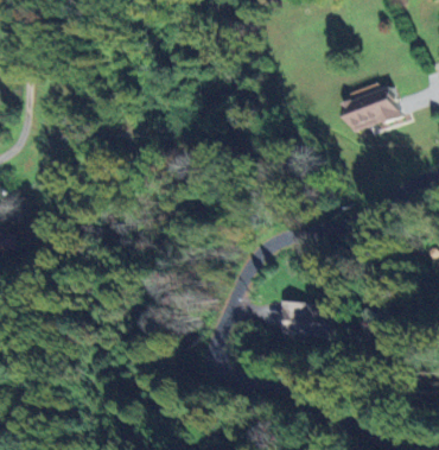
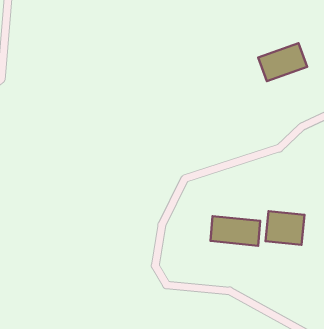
building: none -> [265,211,305,245]

